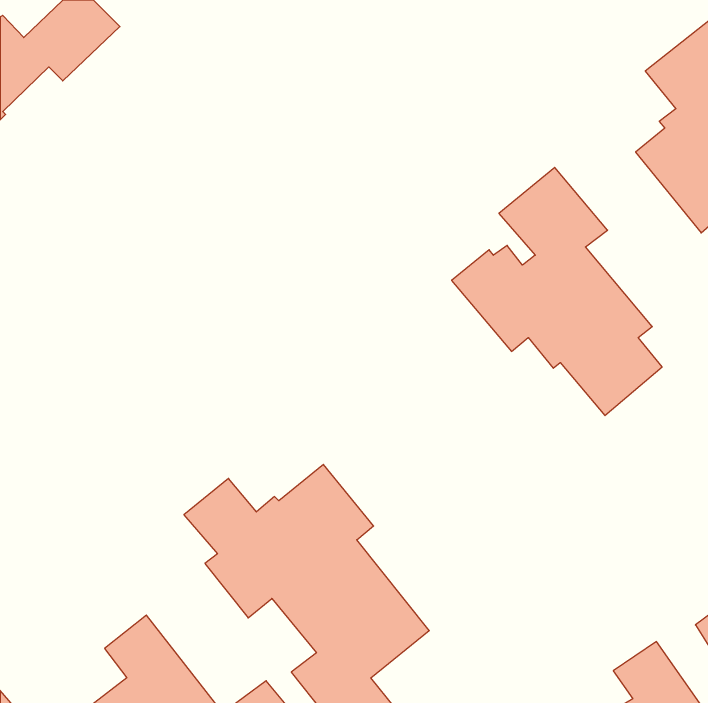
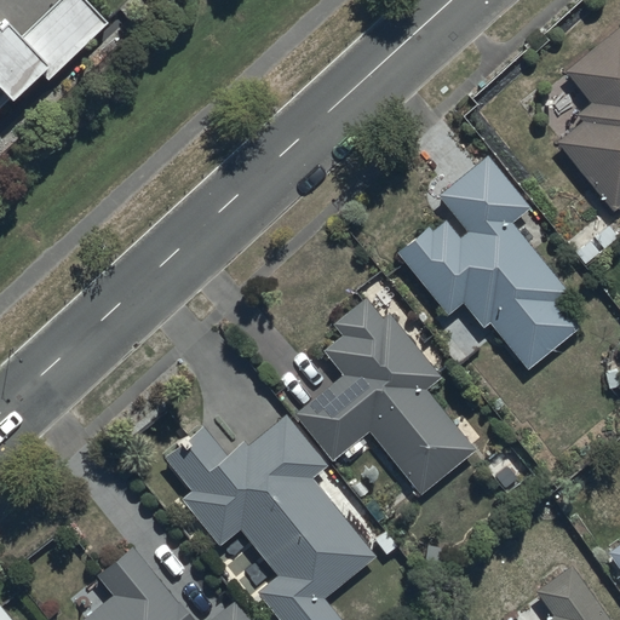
building: none -> [295,299,475,494]

